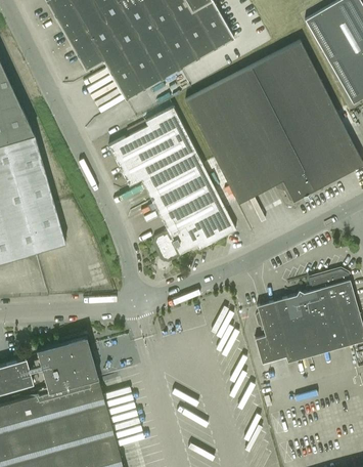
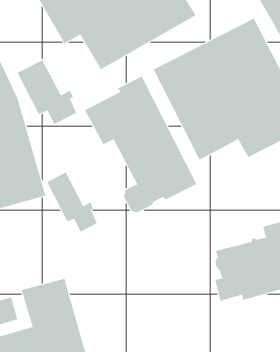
building: none -> [17,59,77,125]
building: none -> [46,172,98,232]

